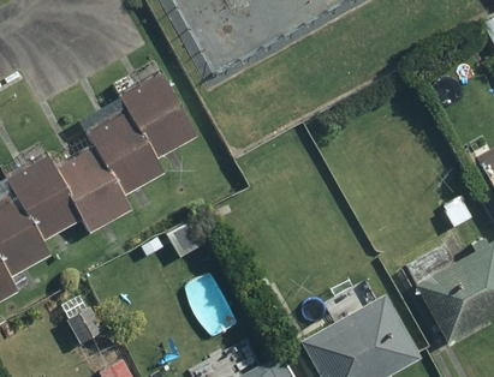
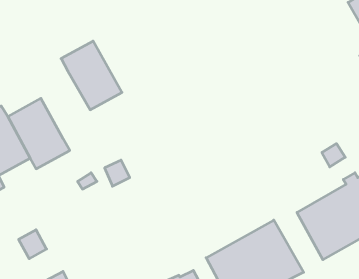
building: [88,110,163,195] -> none

